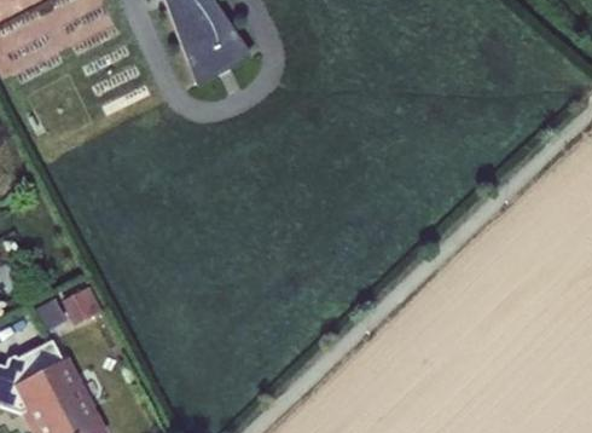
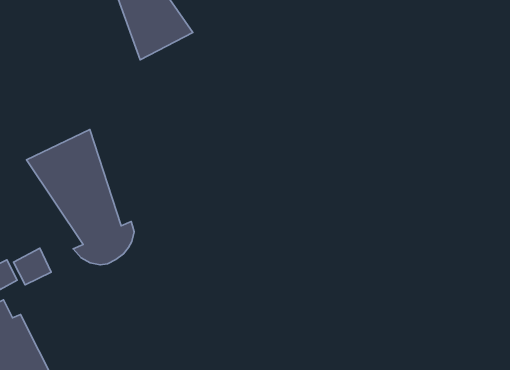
building: none -> [27,130,134,265]

